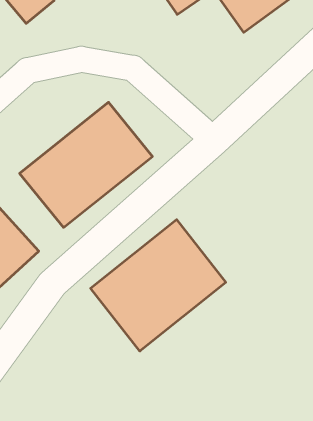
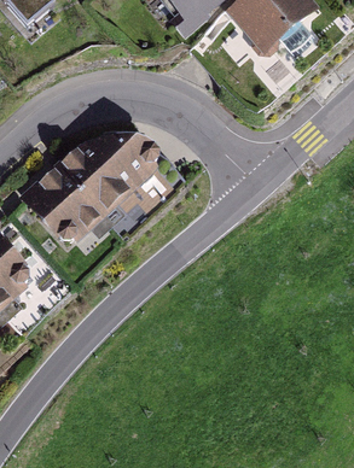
building: [91,220,226,351] -> none

